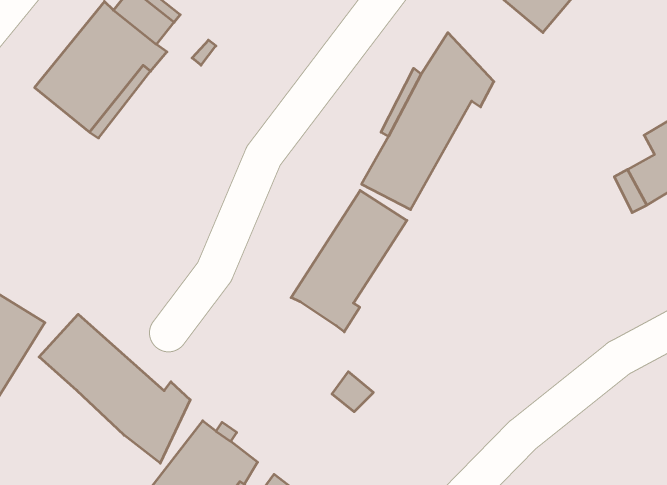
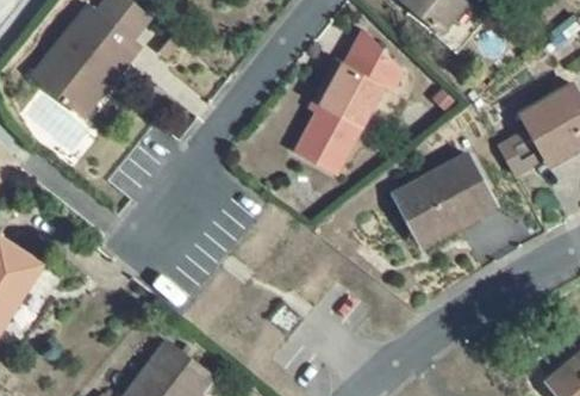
building: none -> [394,155,493,250]
building: [291,190,407,332] -> none
building: [39,314,190,463] -> none

